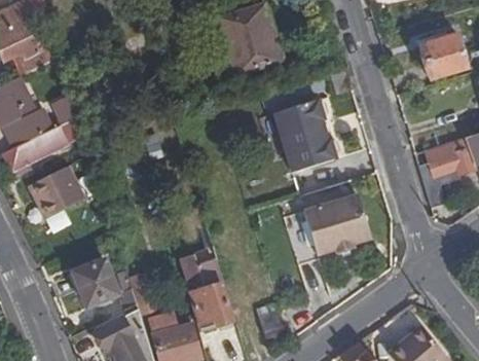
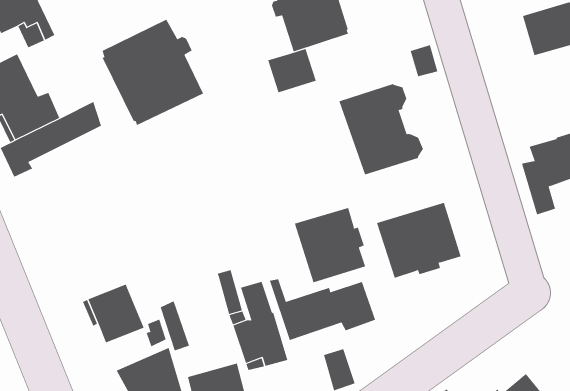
building: none -> [102,19,204,126]
building: none -> [268,48,316,93]
building: [30,163,90,217] -> none
building: none -> [294,207,366,283]
building: none -> [269,279,376,341]

